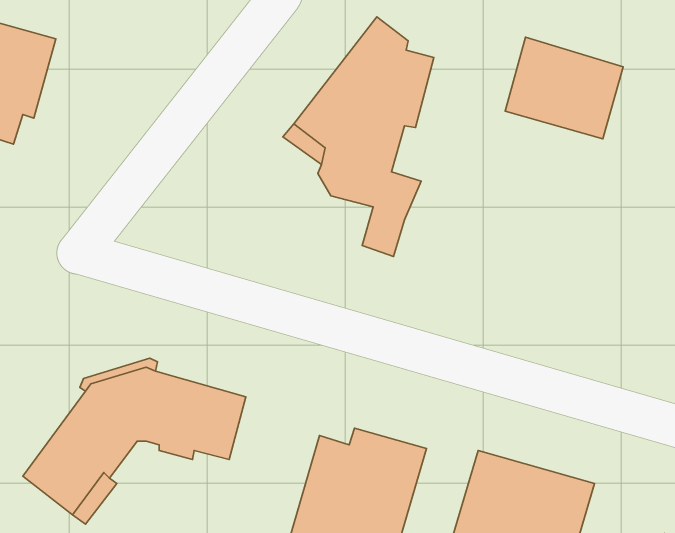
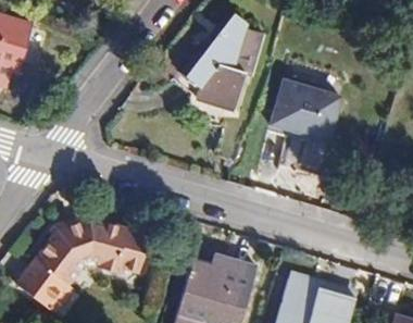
building: [505,37,623,139] -> [272,80,341,140]

